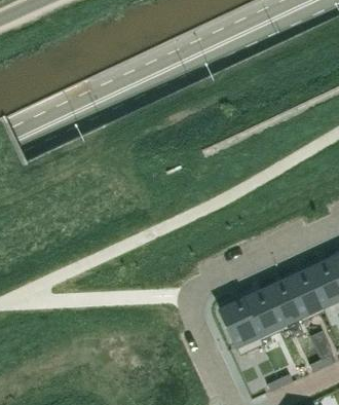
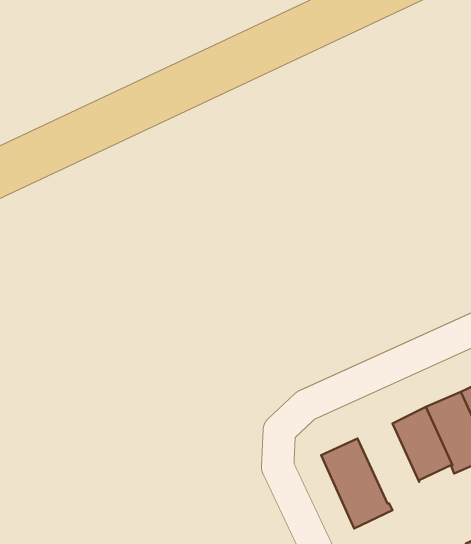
building: [240,291,280,340] -> none

